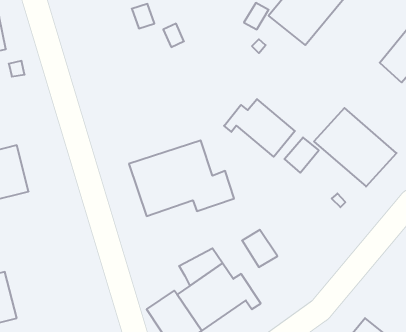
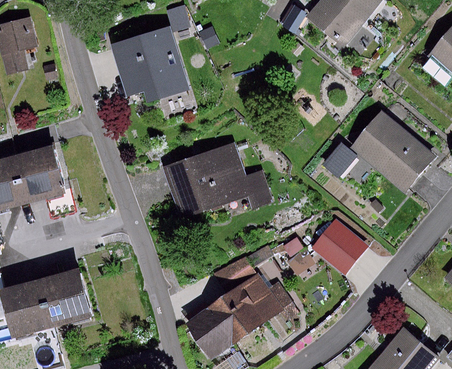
building: none -> [110,23,189,101]
building: [224,99,295,157] -> none
building: none -> [314,220,364,270]
building: none -> [38,268,90,325]

